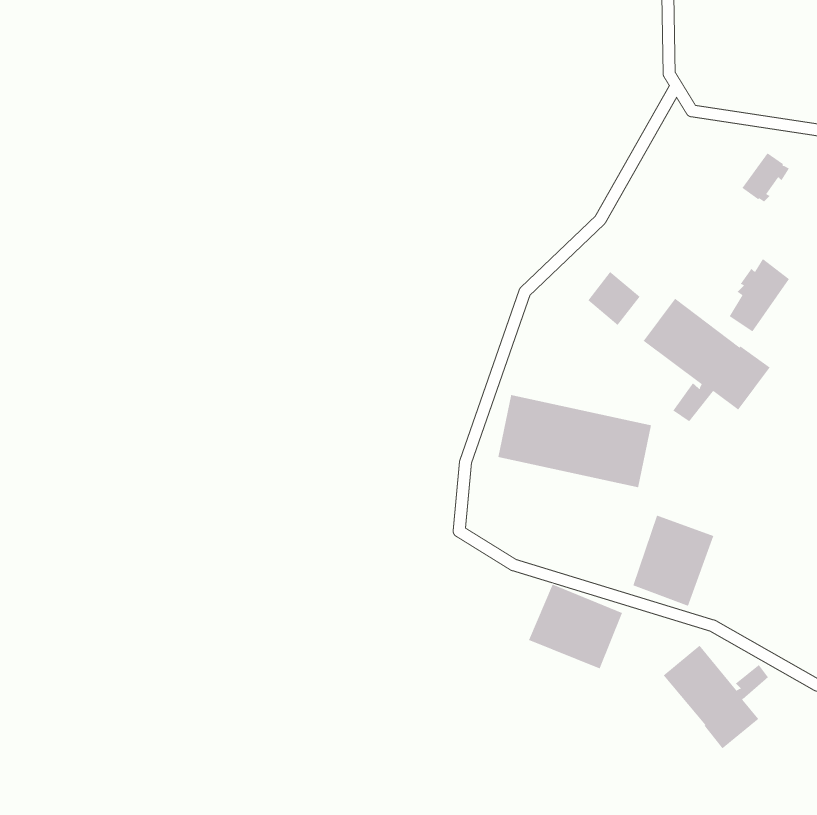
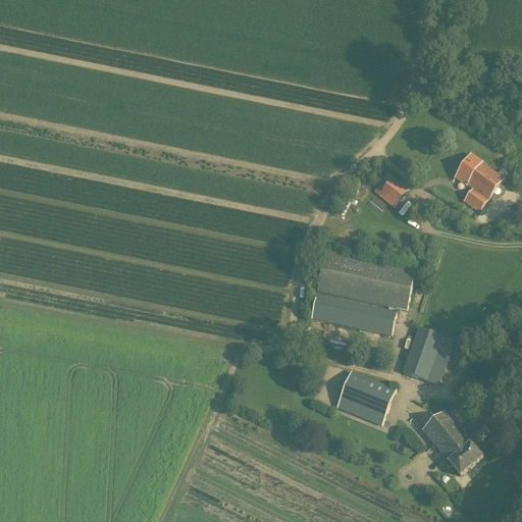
building: [742,152,790,202] -> [454,154,484,186]
building: [643,298,771,422] -> none
building: none -> [310,294,396,335]

